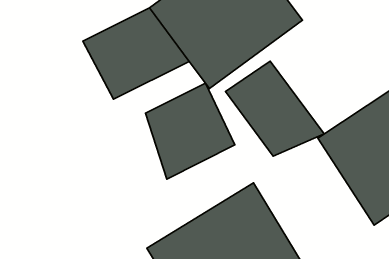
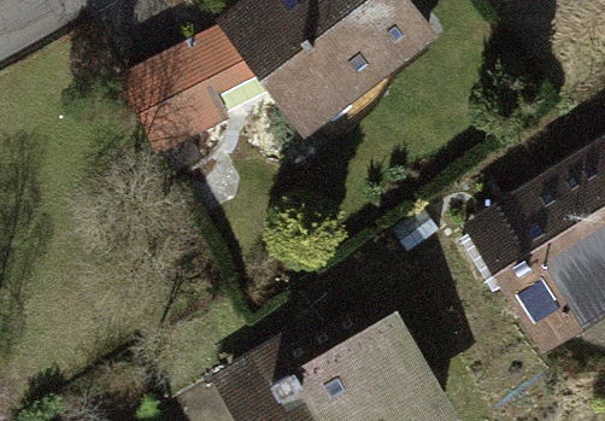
building: [226,61,324,156] -> none
building: [146,83,235,179] -> none

